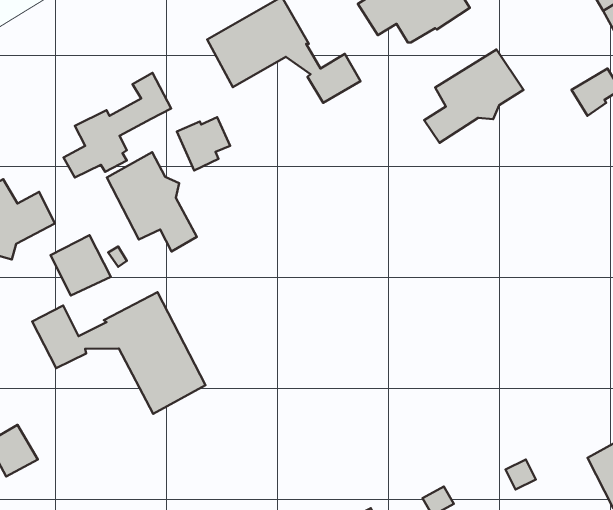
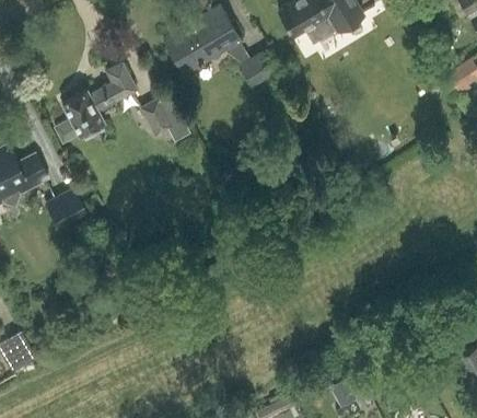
building: [424,49,524,143] -> none
building: [107,152,197,251] -> none
building: [32,292,205,414] -> none

